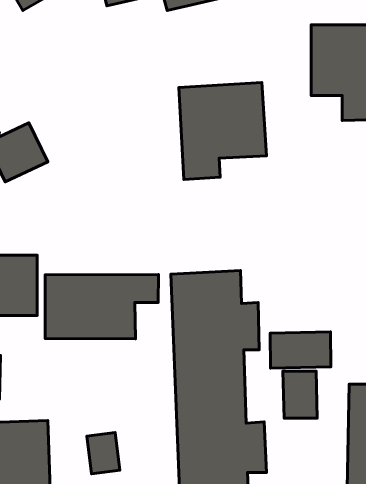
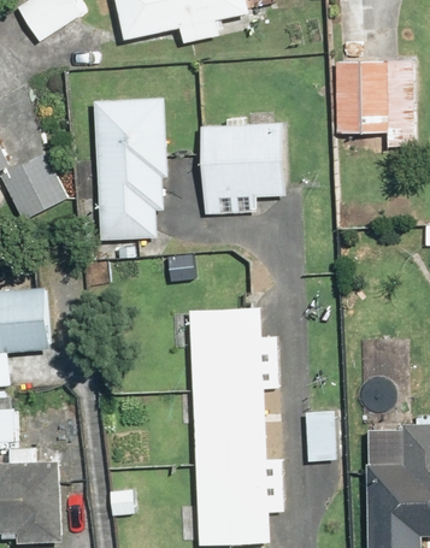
building: none -> [90,96,170,244]
building: [45,274,159,339] -> none
building: [270,332,331,368] -> none

